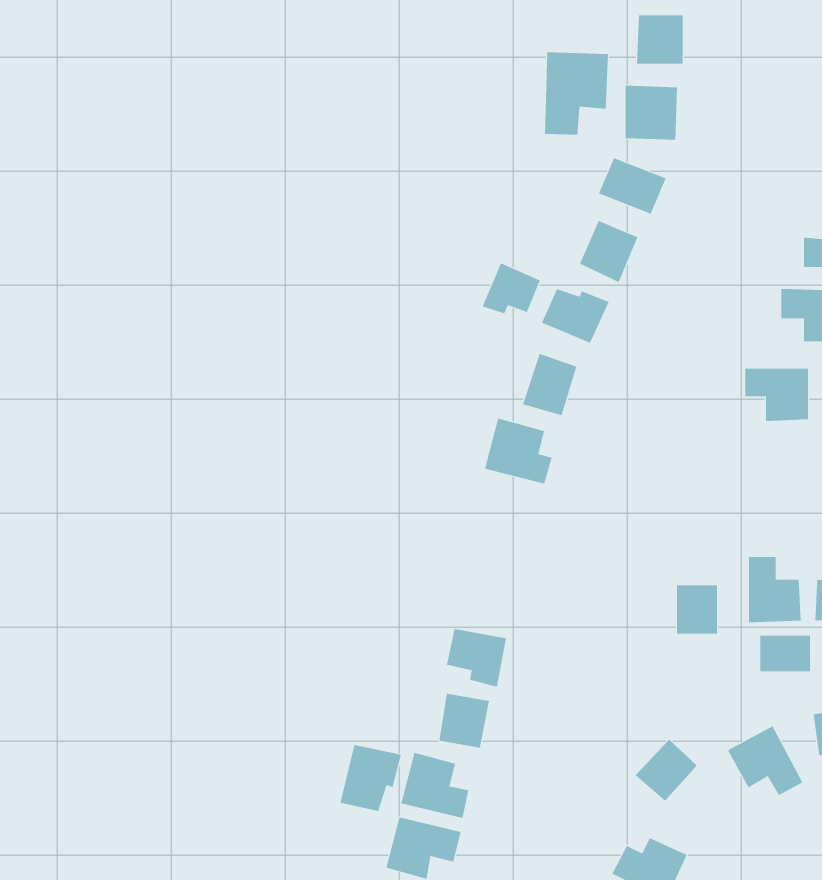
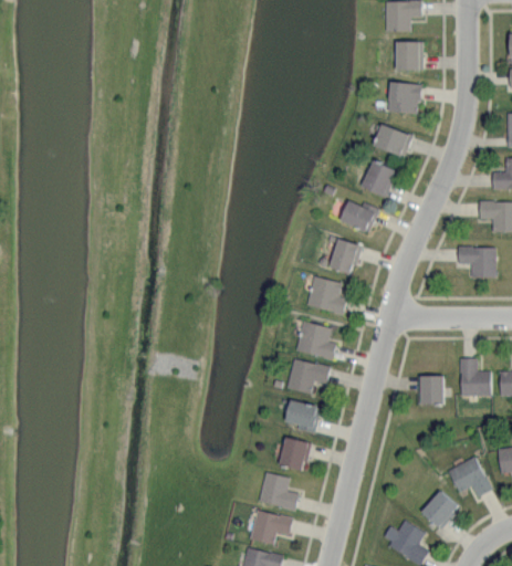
building: [545,51,608,136] -> none
building: [482,263,540,314] -> none
building: none -> [295,321,335,359]
building: none -> [285,357,330,392]
building: [760,635,811,672] -> none
building: [635,739,698,802] -> [420,490,457,526]
building: [340,744,402,812] -> none

